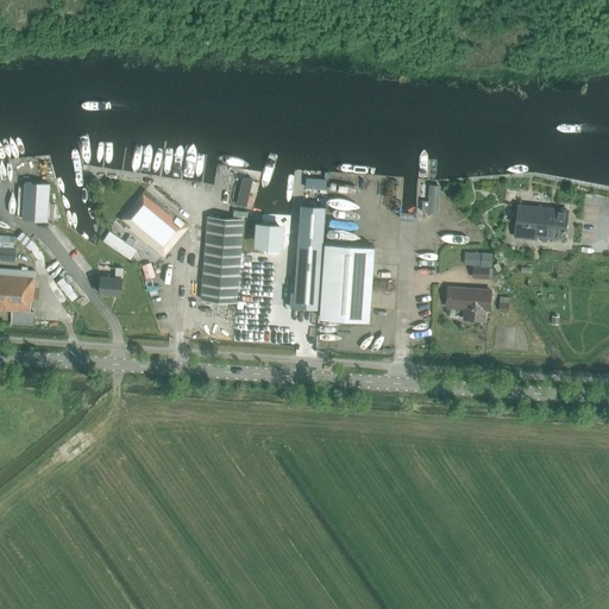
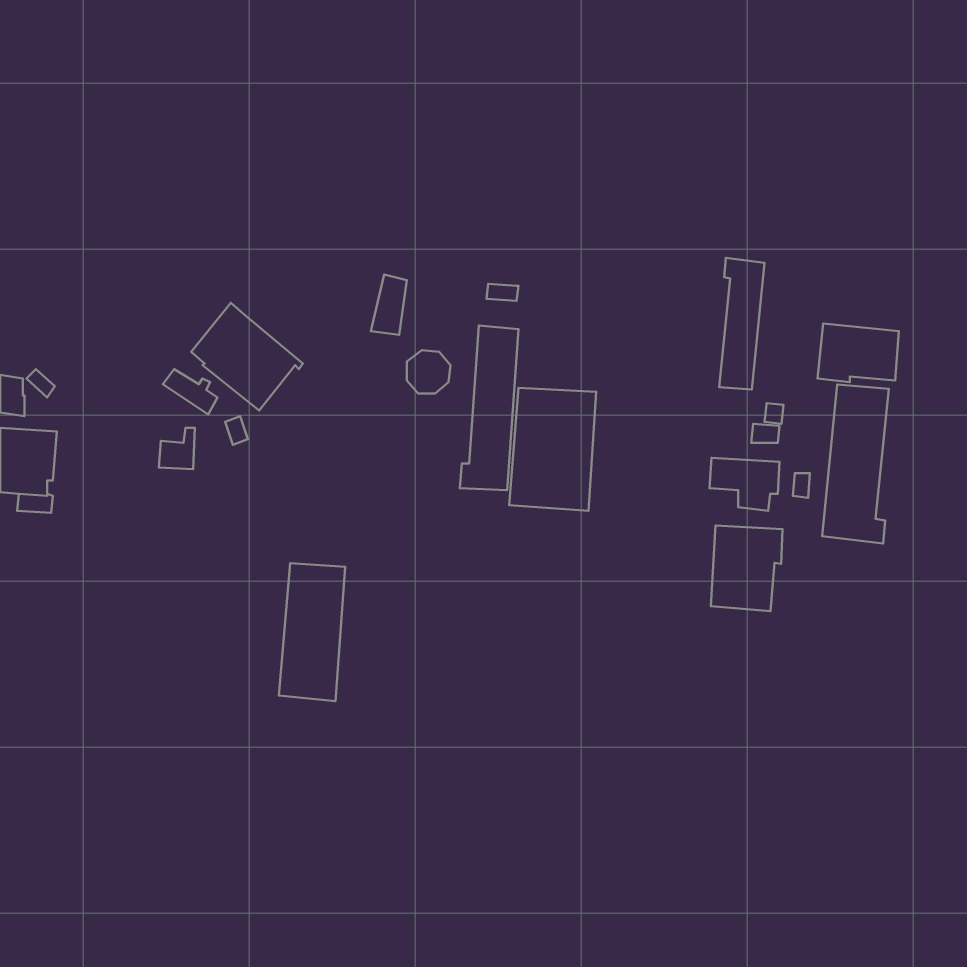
building: none -> [719,258,765,390]
building: [18,183,49,221] -> none
building: [201,216,243,303] -> [279,563,345,701]
building: none -> [822,385,889,544]
building: none -> [711,526,783,611]

